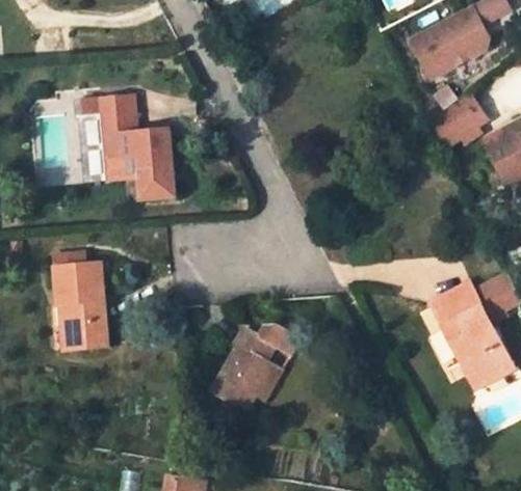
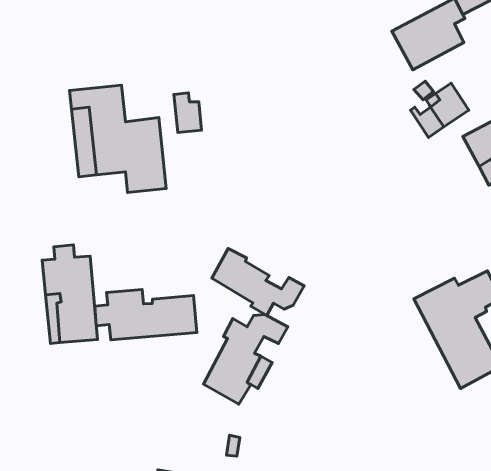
building: none -> [174,93,202,132]
building: none -> [212,248,304,315]
building: none -> [95,290,197,340]

